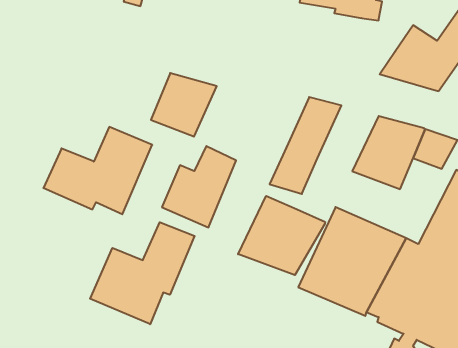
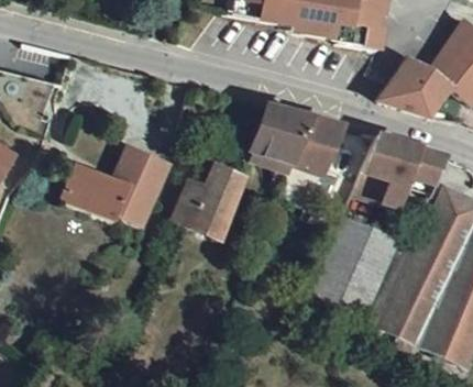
building: [151,73,217,137] -> [252,107,312,165]
building: [238,196,325,275] -> none
building: [90,222,195,324] -> none

